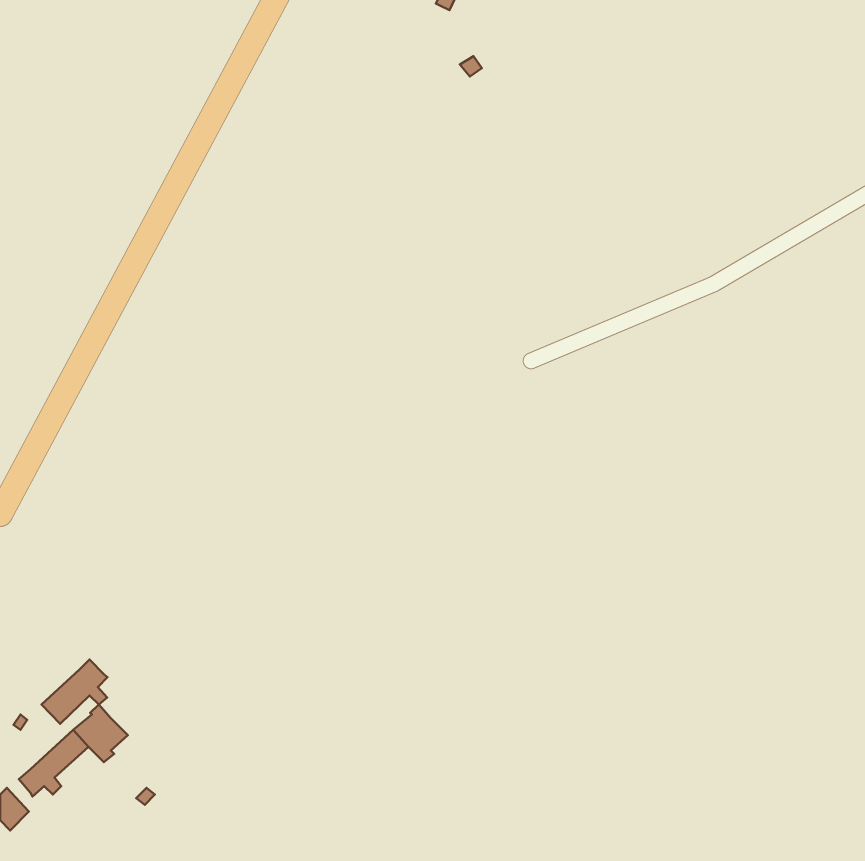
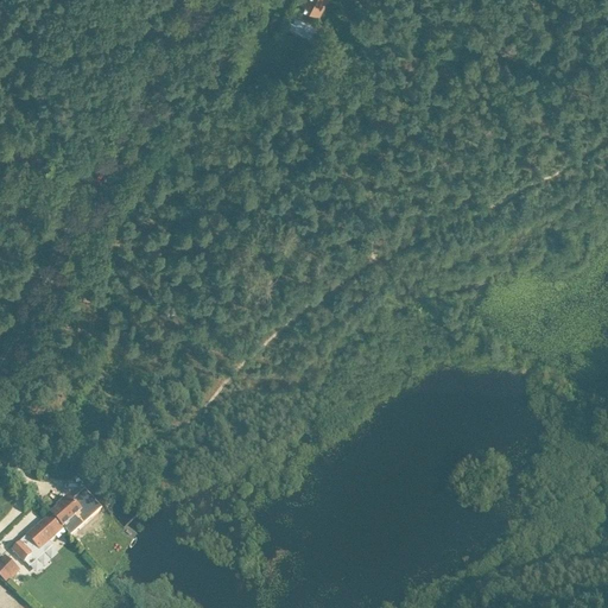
building: [42,659,108,724] -> none

